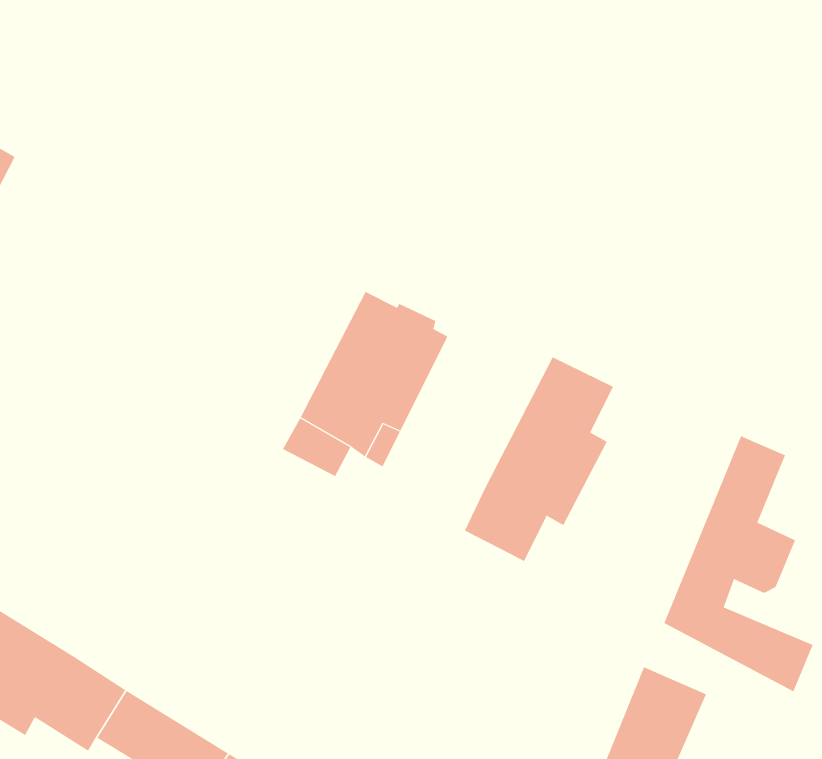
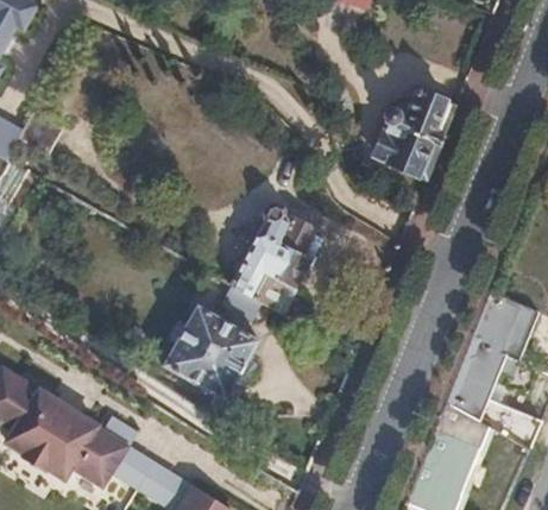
building: none -> [377,88,456,175]
building: [464,356,614,562] -> none
building: none -> [163,304,257,399]

